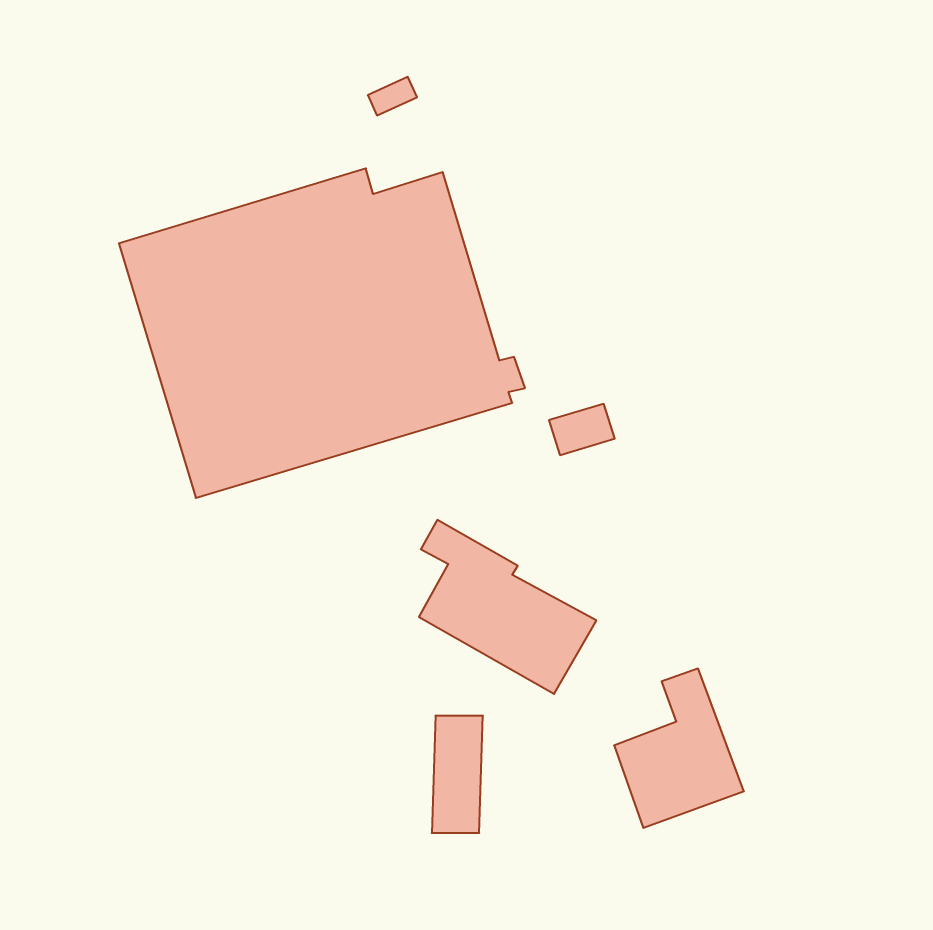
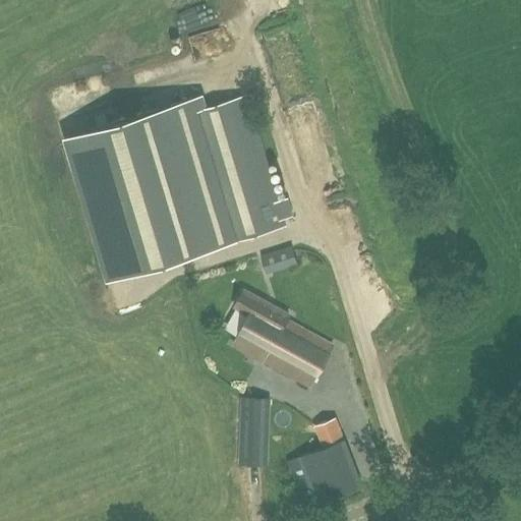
building: [549,404,615,455] -> [260,248,297,277]
building: [614,669,744,828] -> [288,420,360,509]

